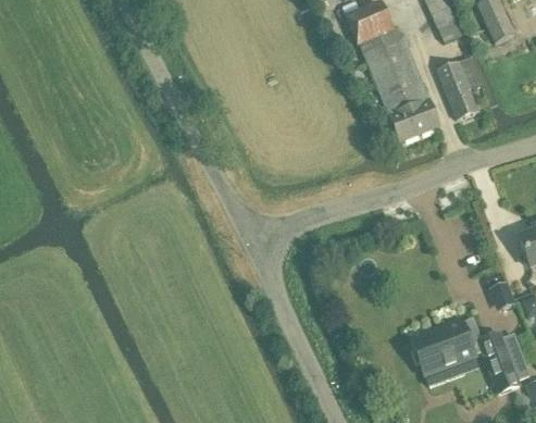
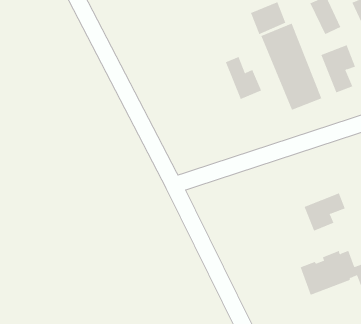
building: none -> [225,56,262,100]
building: none -> [304,193,345,231]

